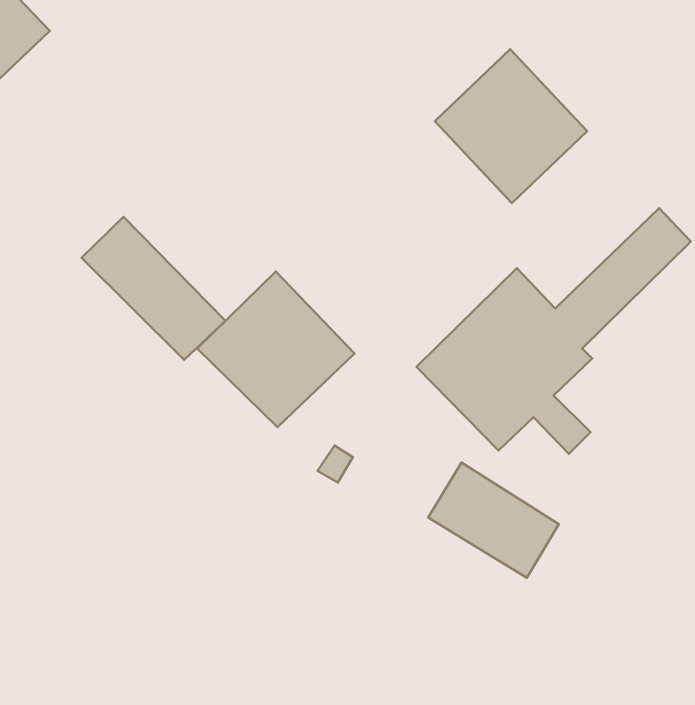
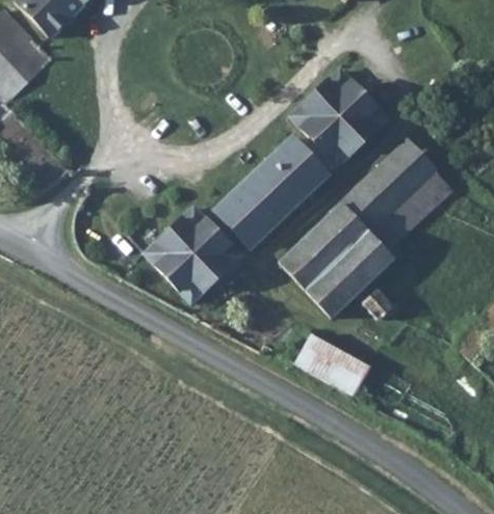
building: none -> [218,135,332,246]
building: none -> [342,141,431,229]
building: [81,217,225,360] -> none

